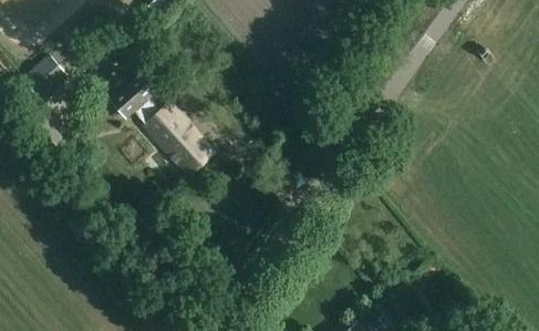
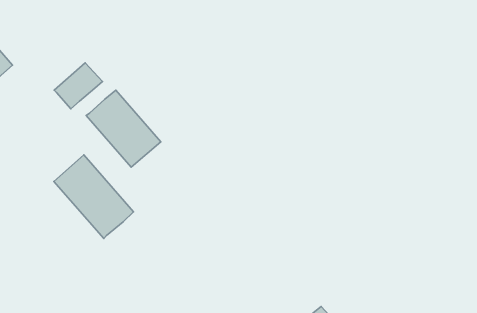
building: none -> [54,155,134,239]

